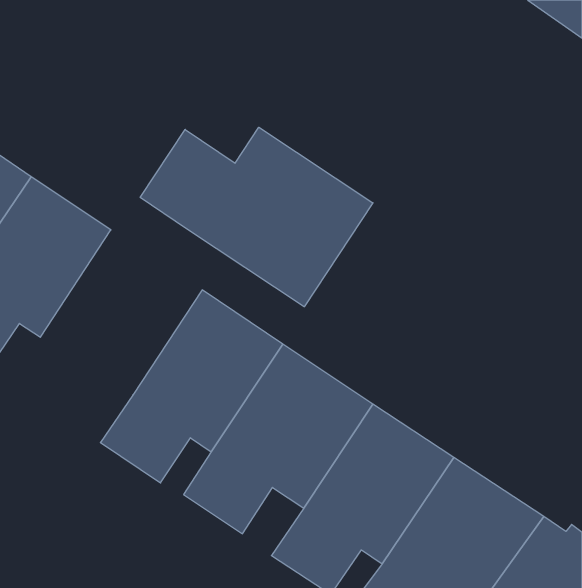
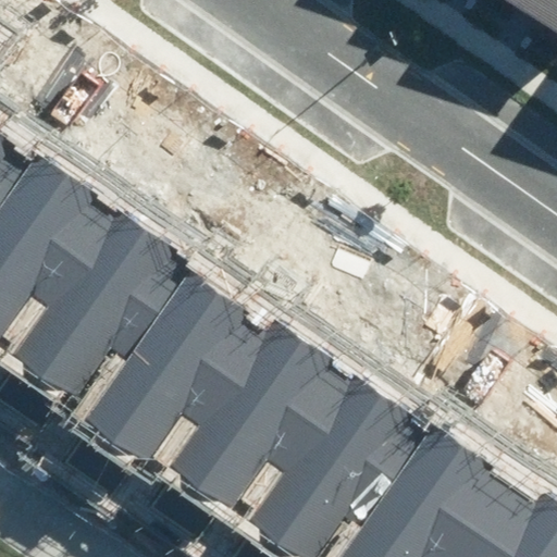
building: [140,127,373,307] -> none
building: none -> [11,219,190,397]

